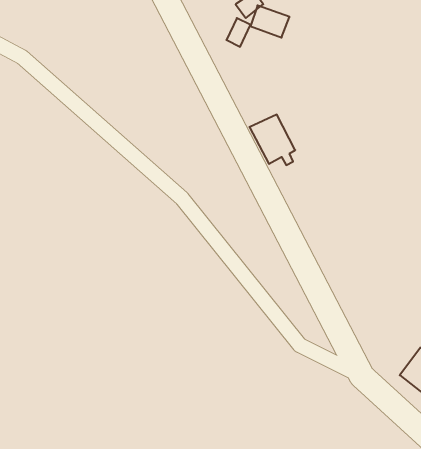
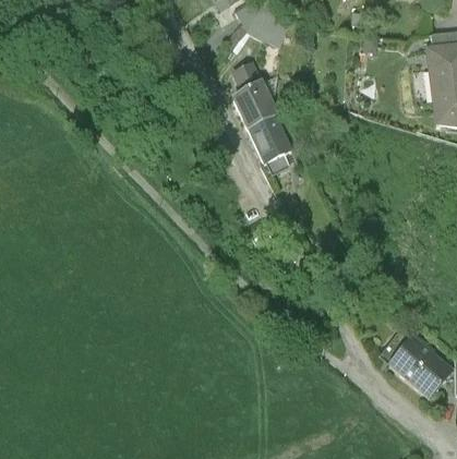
building: none -> [236,63,276,125]

